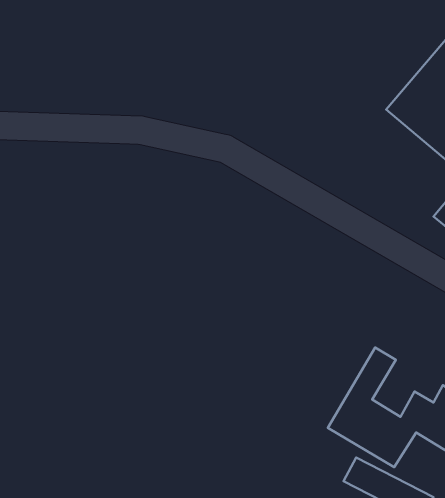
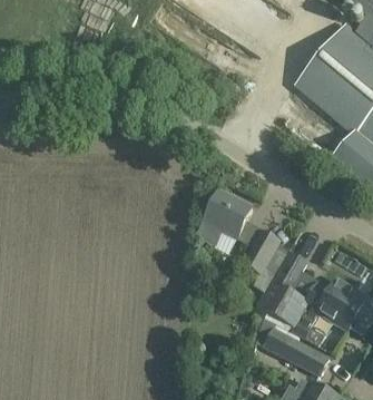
building: none -> [197,189,253,250]
building: none -> [246,228,279,270]

